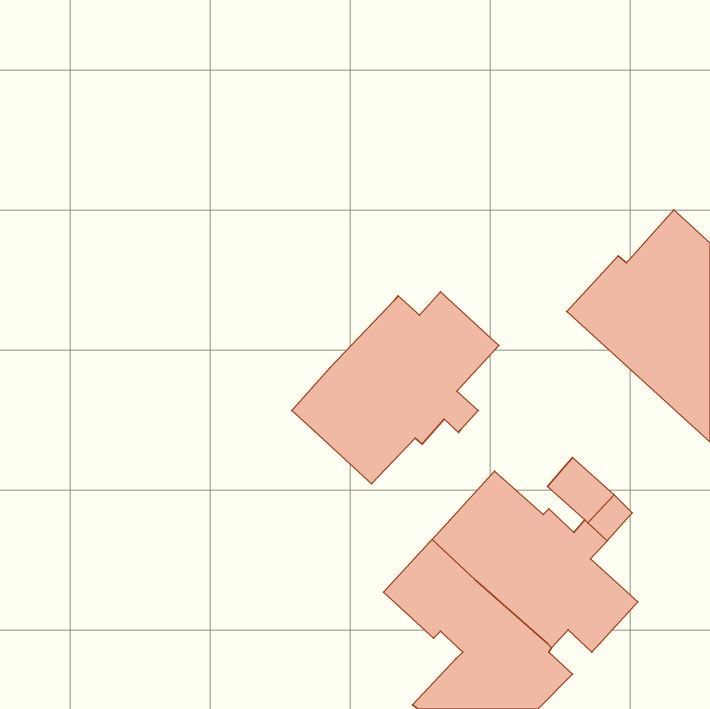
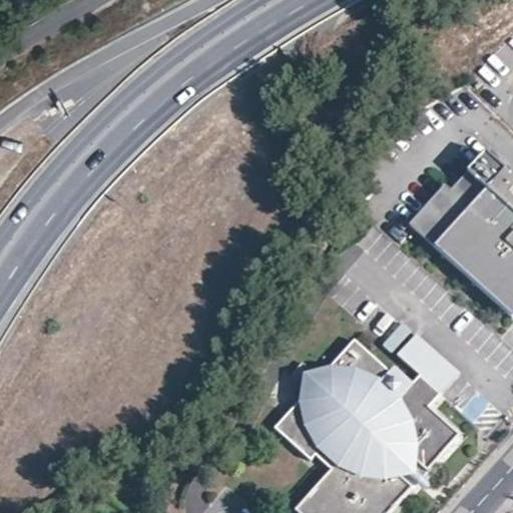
building: [292,292,499,484] -> none

